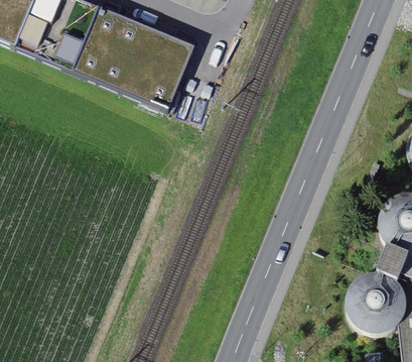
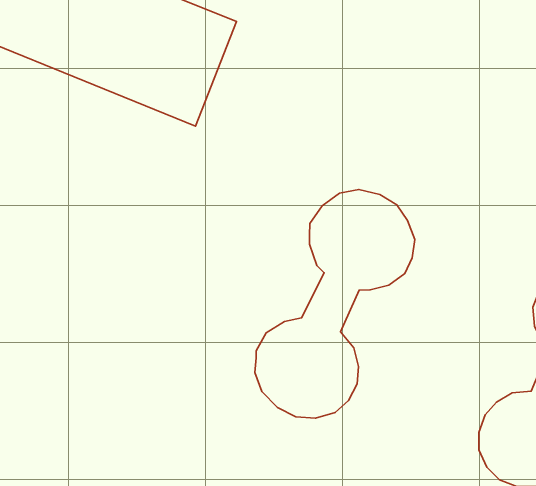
building: none -> [255,190,415,418]

